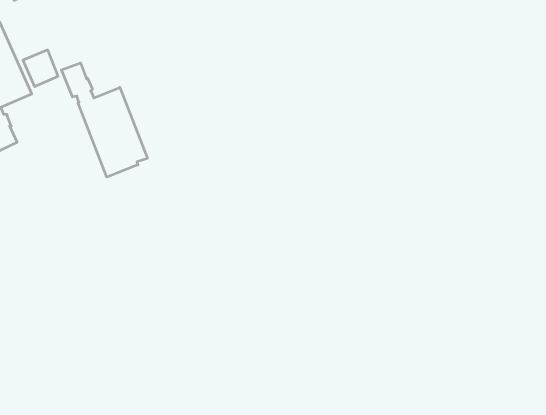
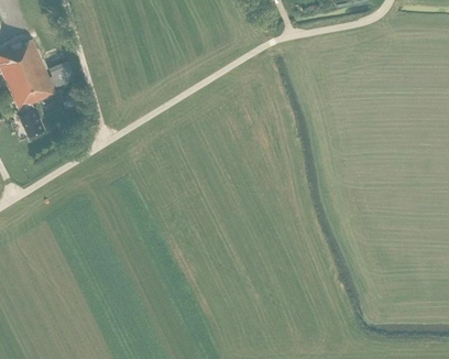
building: [61,63,147,177] -> none

